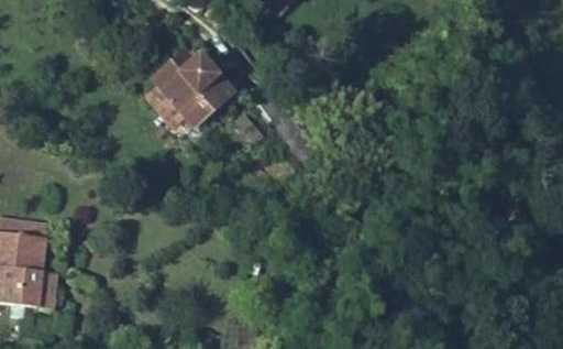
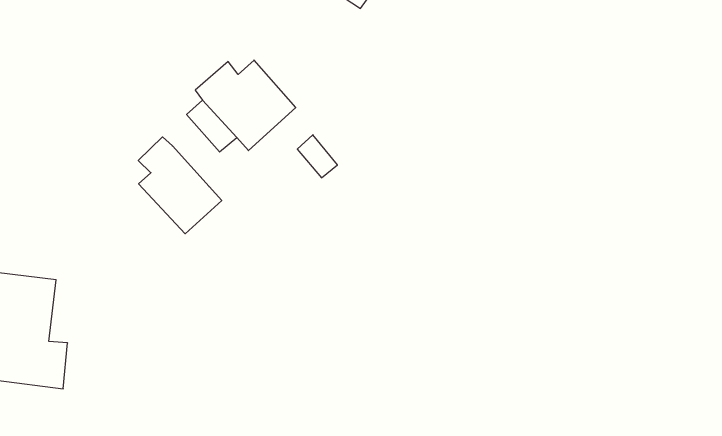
building: none -> [138,137,222,234]

